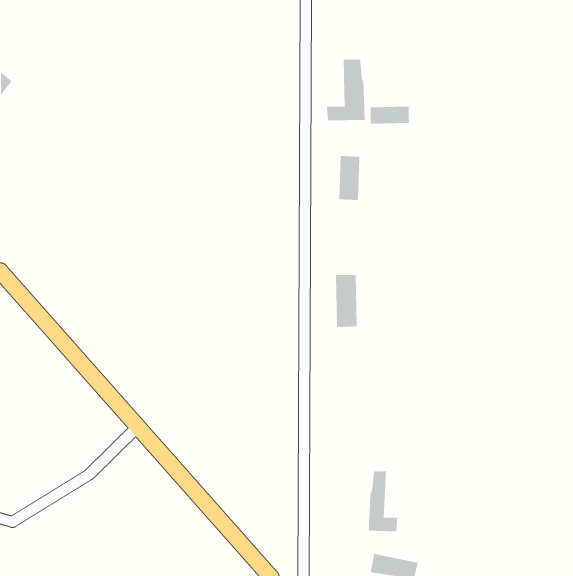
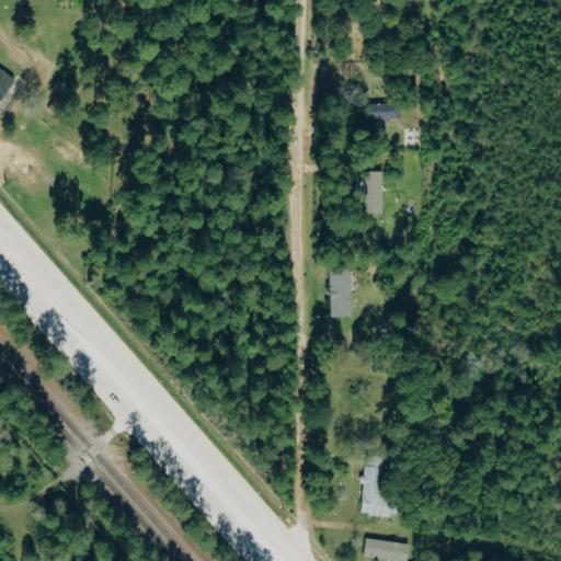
building: [327,59,365,121] -> none
building: [339,155,360,201] -> [363,172,383,216]

